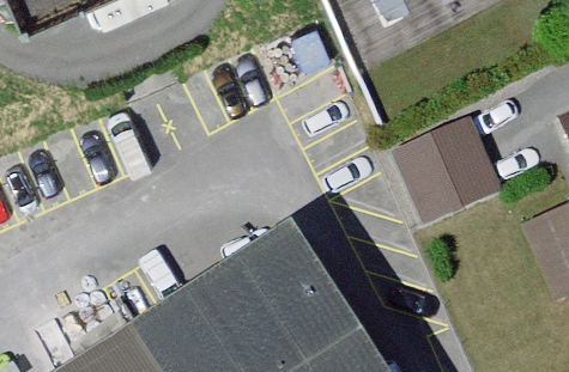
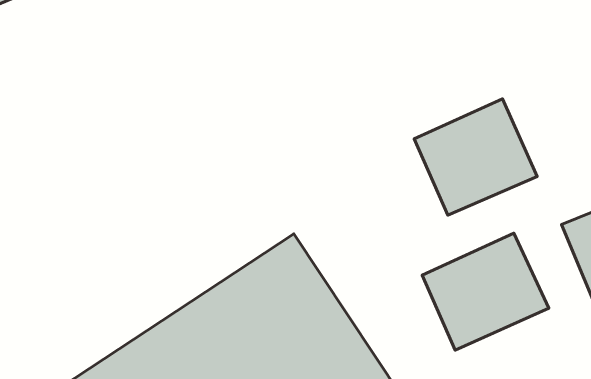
building: none -> [422,233,549,350]

